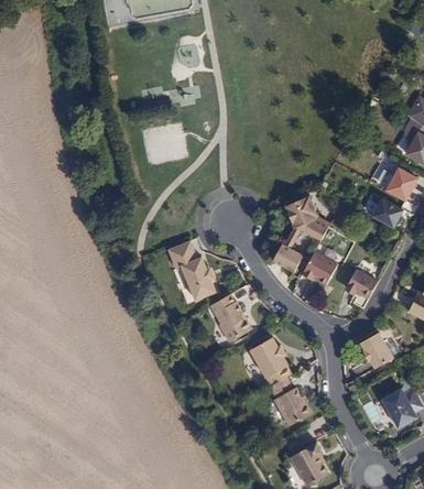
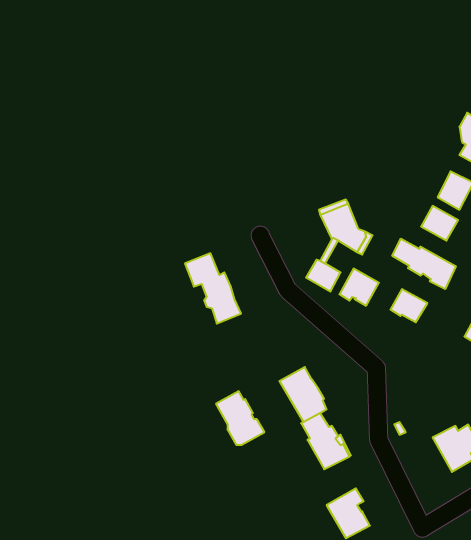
building: none -> [392,239,456,289]
building: [209,293,251,339] -> [216,391,264,445]
building: [360,332,392,367] -> none

